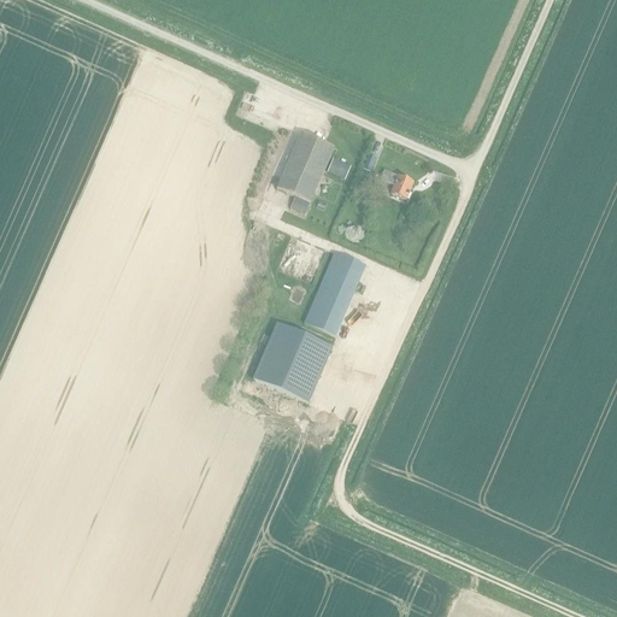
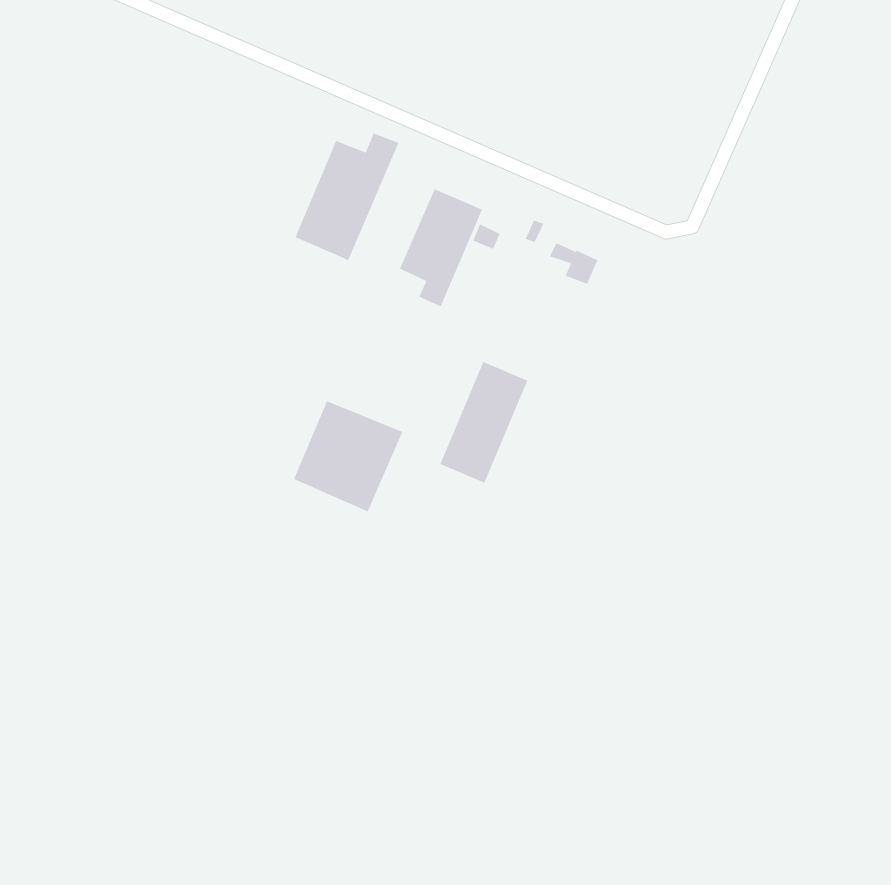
building: none -> [295,133,399,261]
building: [254,323,330,400] -> [293,400,403,512]

